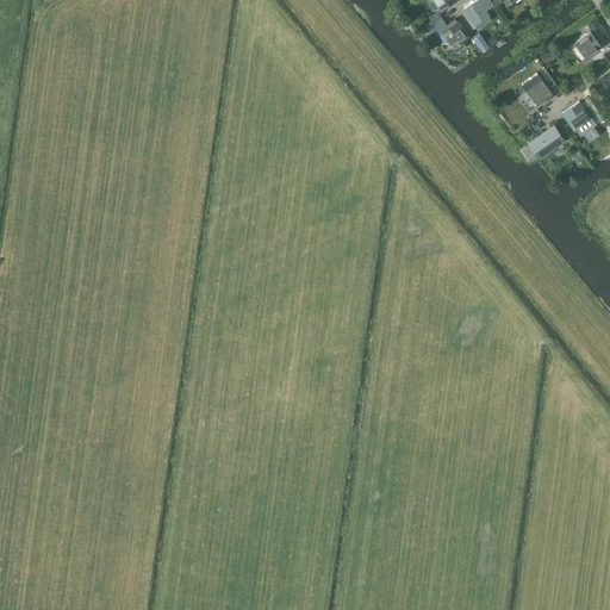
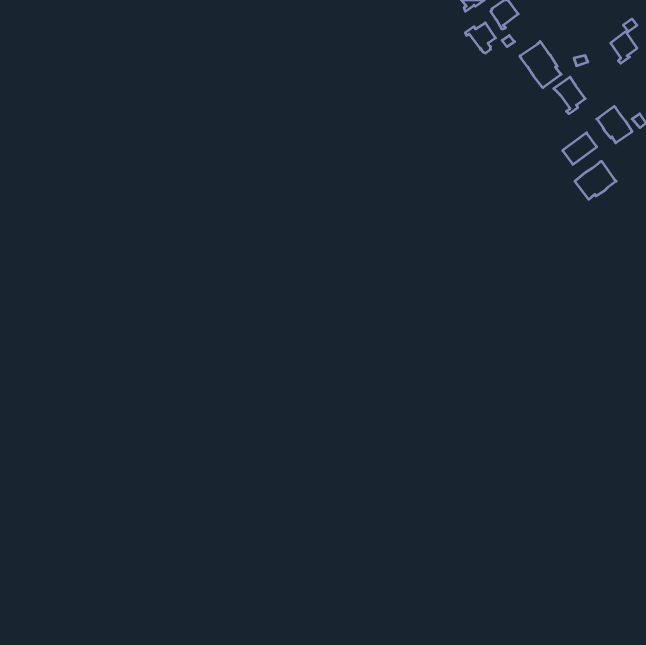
building: none -> [520,41,561,88]
building: none -> [575,161,616,199]

